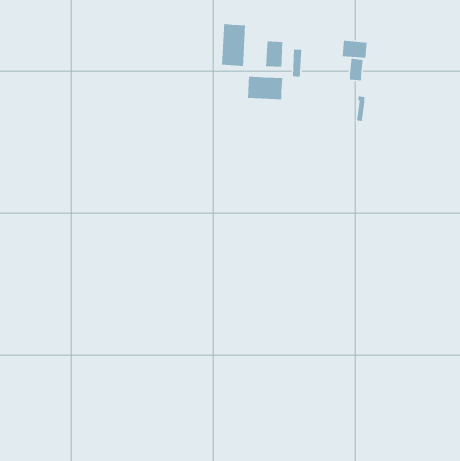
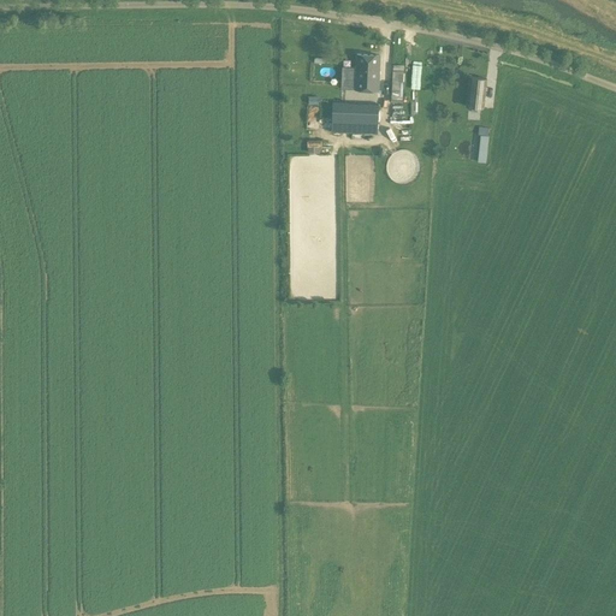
building: [221,23,246,67] -> none
building: [342,40,367,58] -> none

